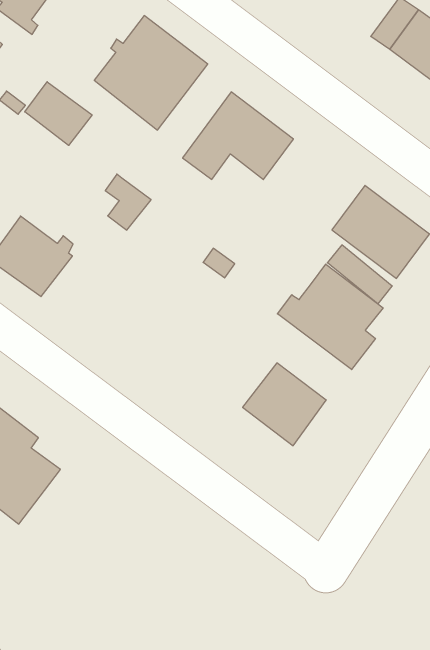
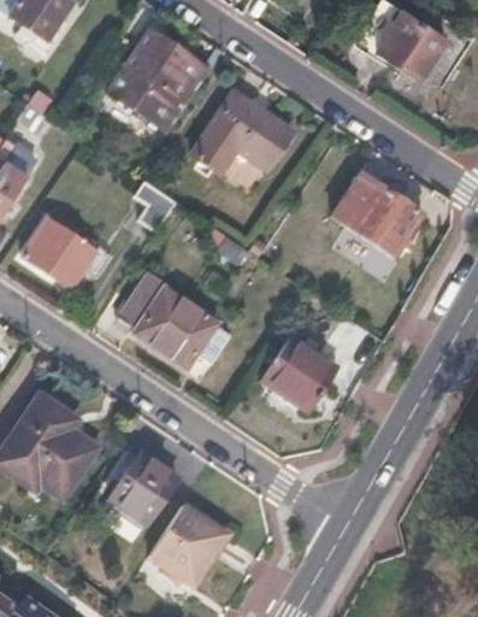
building: [25,82,92,145] -> none
building: [277,264,383,370] -> none
building: none -> [119,272,218,366]
building: none -> [110,448,176,522]
building: none -> [148,505,225,584]

